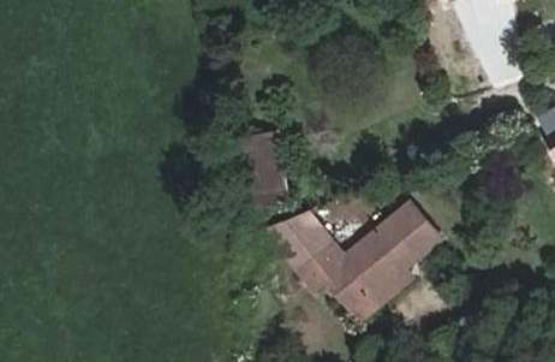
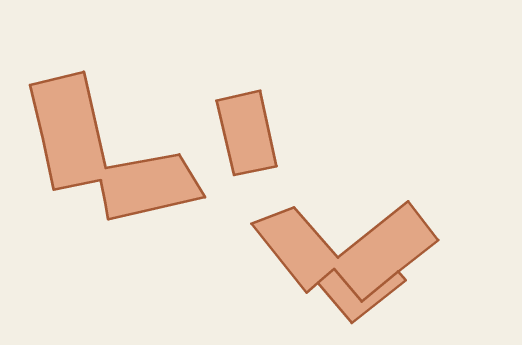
building: none -> [30,72,205,219]

